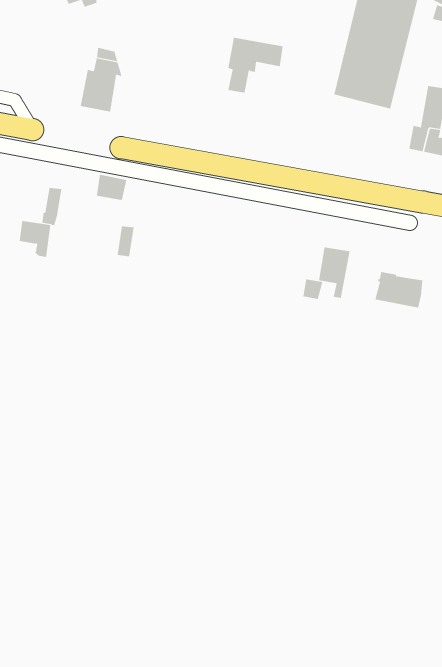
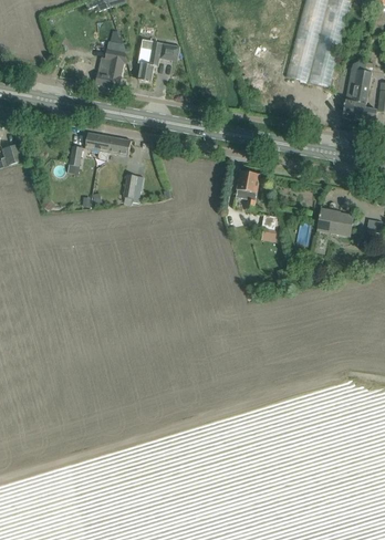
building: [227,37,283,93] -> [138,39,180,81]
building: [19,220,51,257] -> [86,132,111,159]
building: [318,247,350,298] -> [237,170,261,209]

